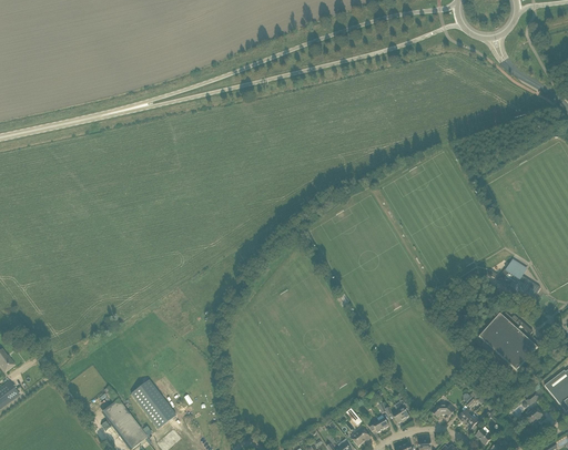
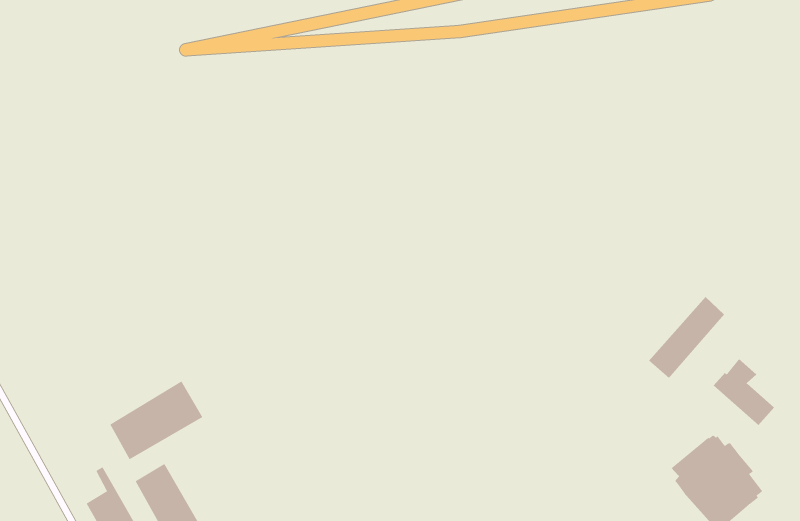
building: none -> [648,296,725,379]
building: none -> [109,380,203,460]

